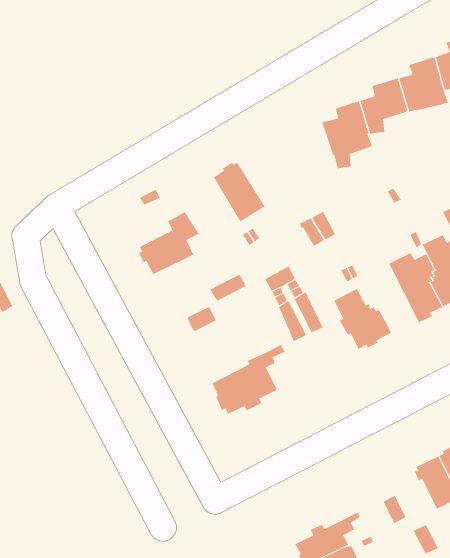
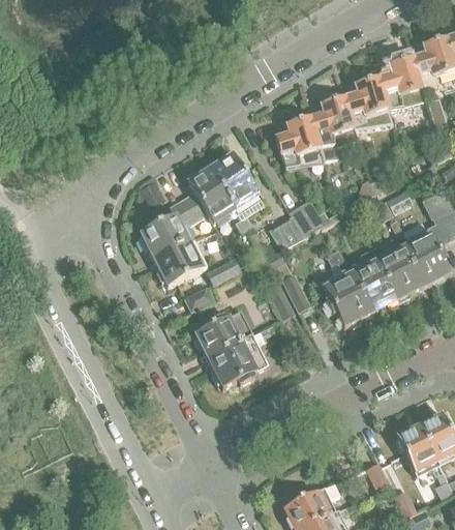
building: none -> [274,116,324,169]
building: none -> [183,168,234,219]
building: none -> [269,214,305,248]
building: none -> [153,239,206,286]
building: none -> [342,247,399,312]
building: none -> [194,311,252,358]

